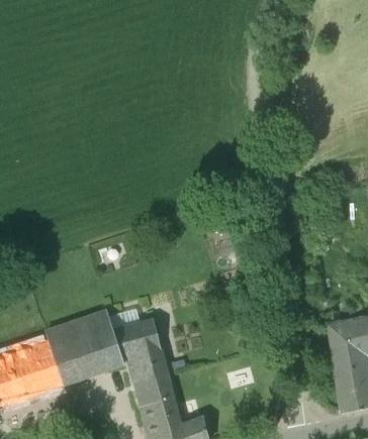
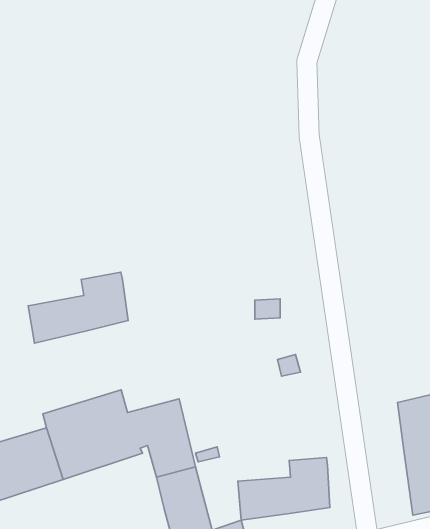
building: none -> [28,272,128,343]
building: none -> [238,457,330,520]

